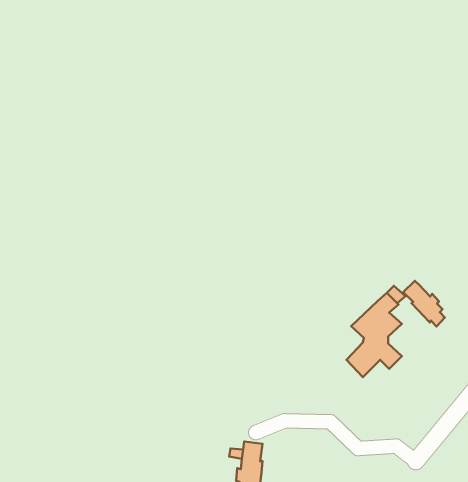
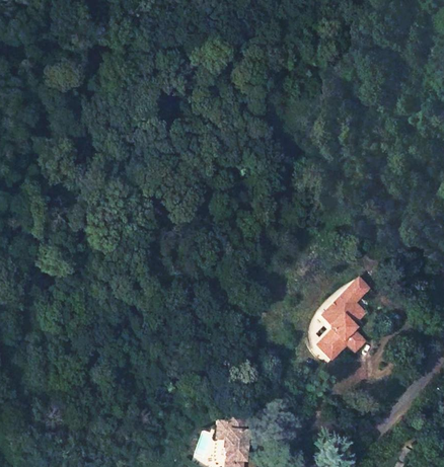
building: [403,281,445,326] -> none

